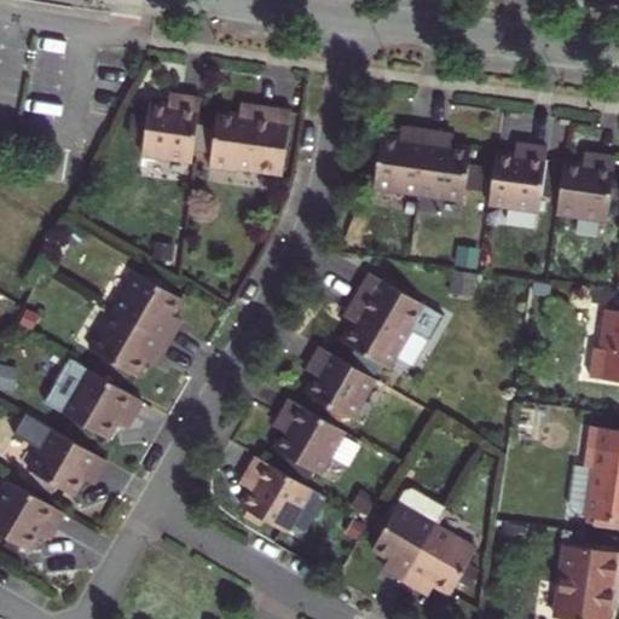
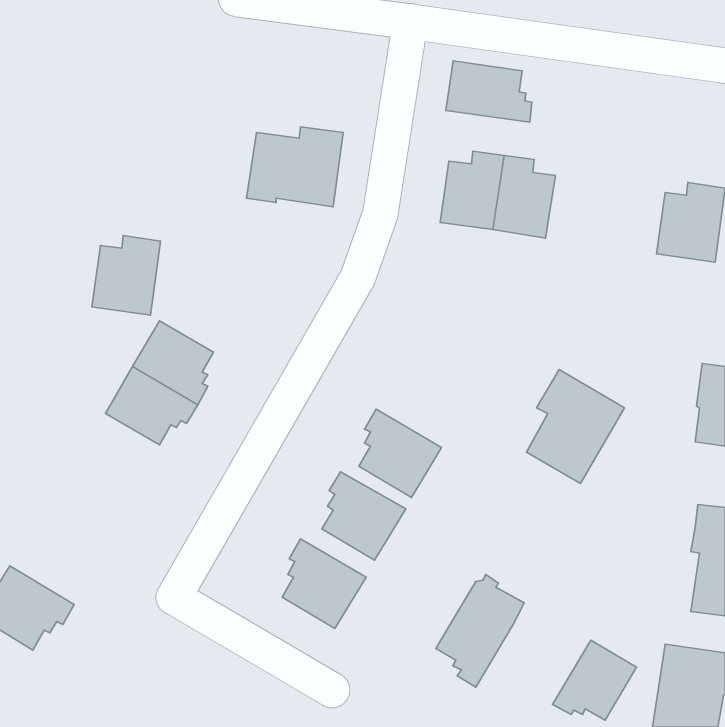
building: none -> [446,61,532,122]
building: [143,94,201,162] -> [92,235,160,315]
building: [488,145,548,213] -> none
building: [343,273,427,370] -> [526,369,625,483]
building: [42,358,140,439] -> none
building: [27,428,105,494] -> none
building: [404,528,475,596] -> [552,640,637,720]

